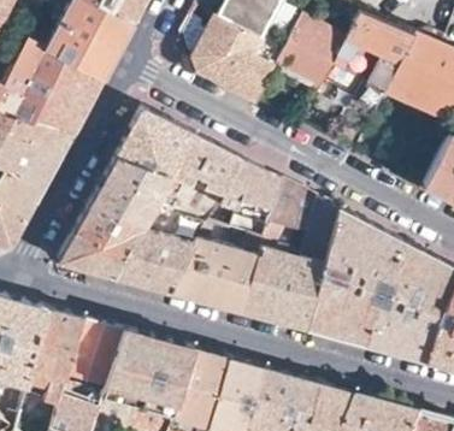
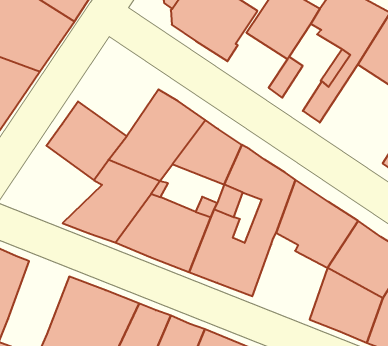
building: [116,110,194,185] -> none
building: [58,203,148,278] -> none
building: [308,277,379,347] -> none
building: [70,319,125,389] -> none

